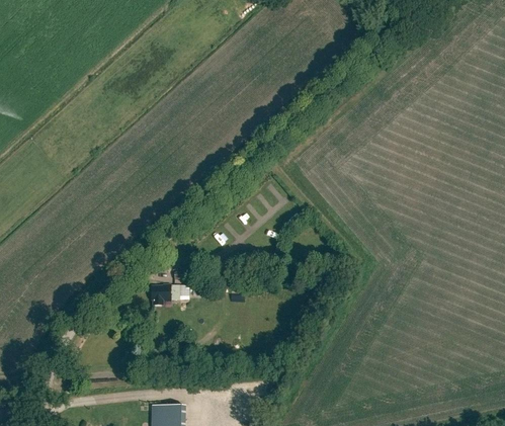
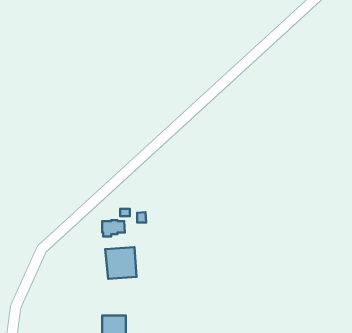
building: none -> [105,247,137,279]

